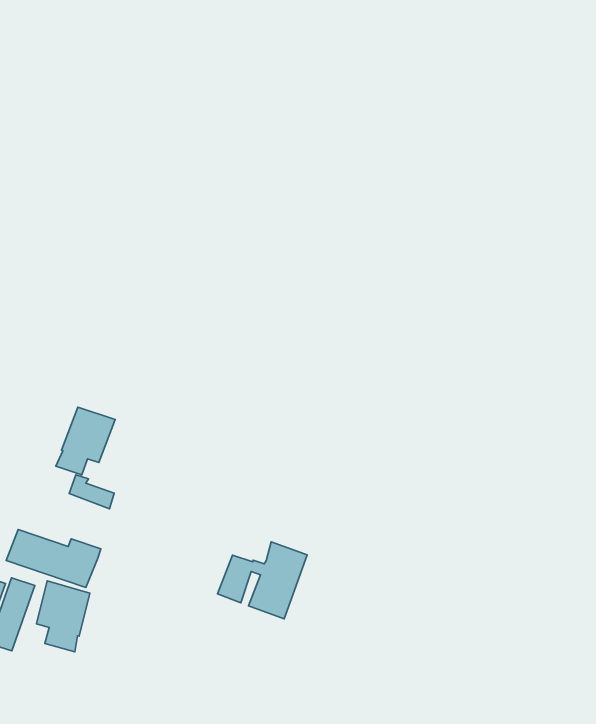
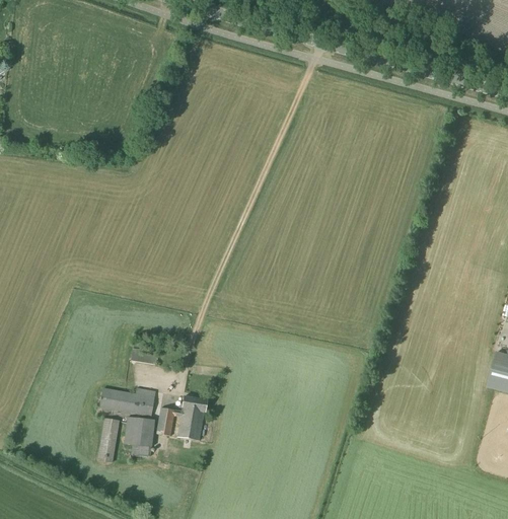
building: [56,407,115,475] -> none
building: [217,542,307,619] -> [156,395,207,441]

